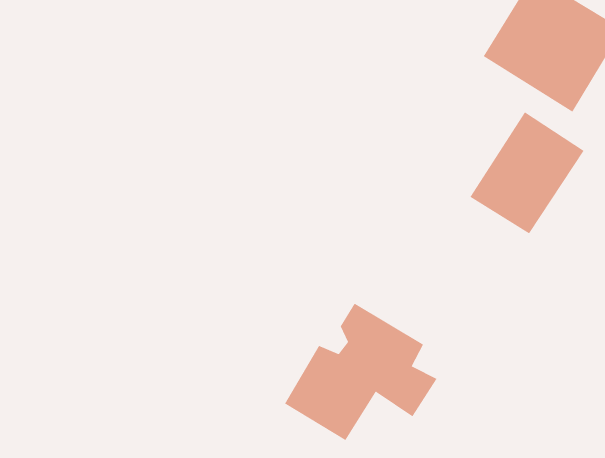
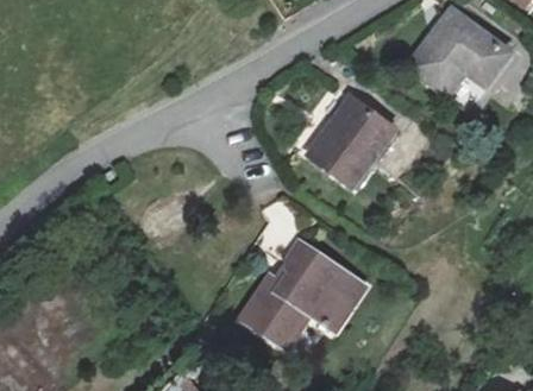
building: [470,112,585,234] -> [308,93,396,184]

